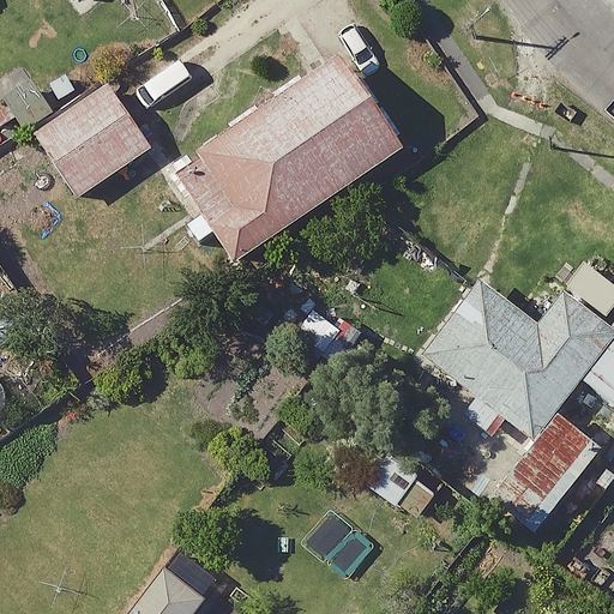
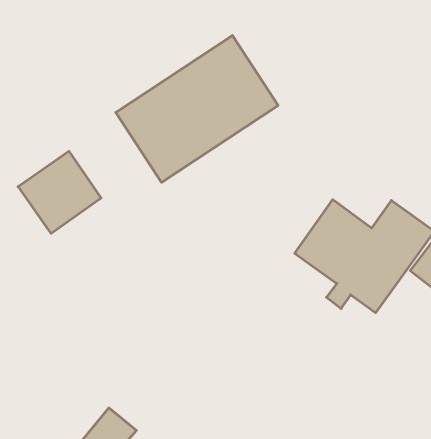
building: [37,84,152,198] -> [18,151,101,233]
building: [492,416,600,531] -> none

